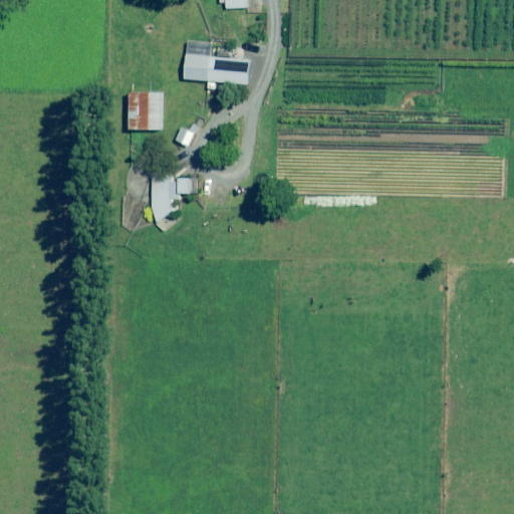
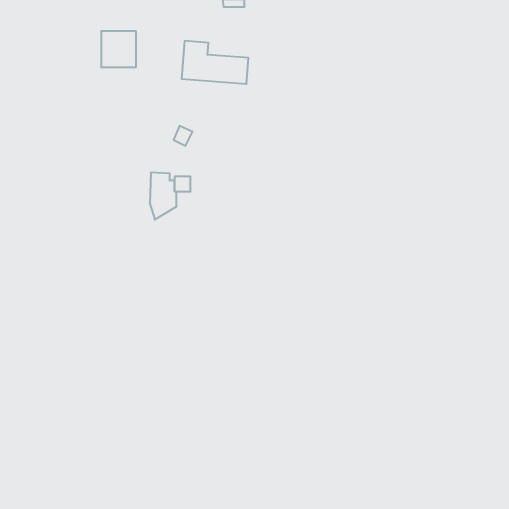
building: [127,91,163,127] -> [101,31,136,67]

